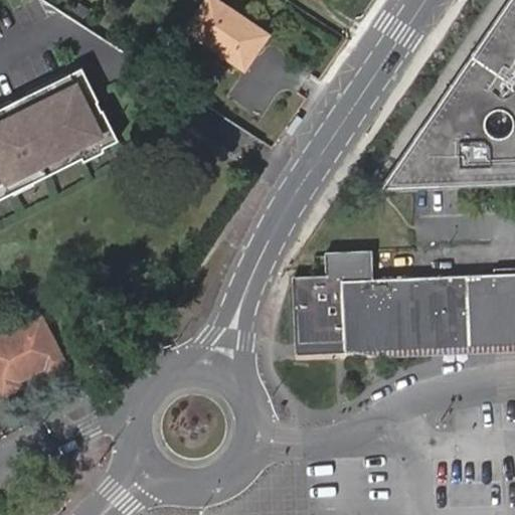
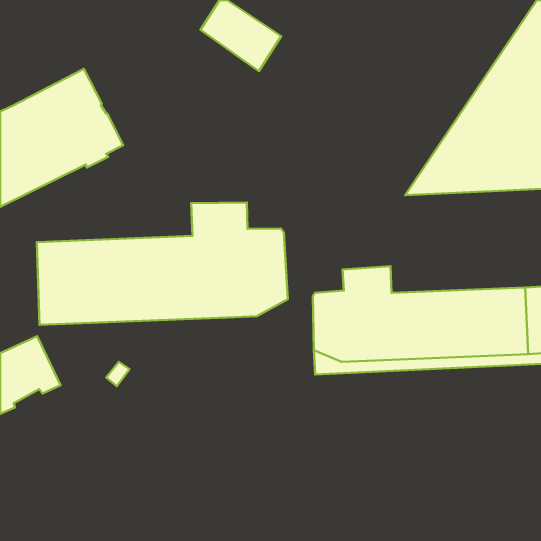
building: none -> [37,202,288,325]

